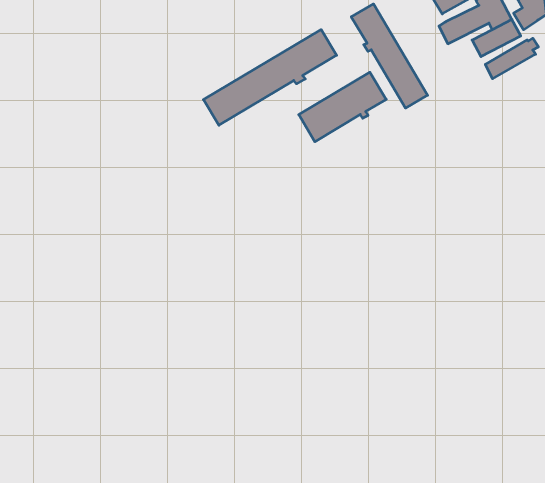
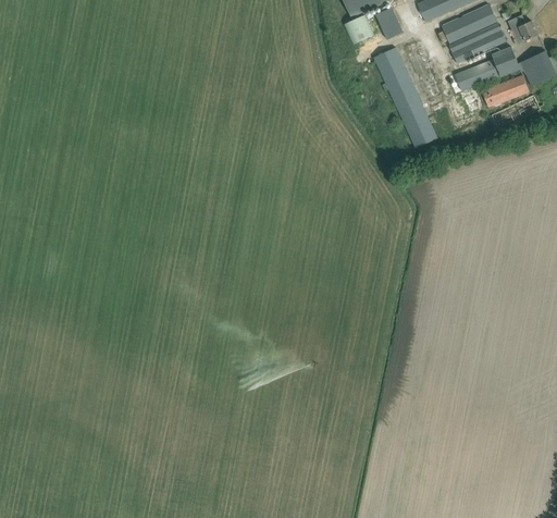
building: [203,30,337,125] -> none
building: [299,72,386,142] -> none

